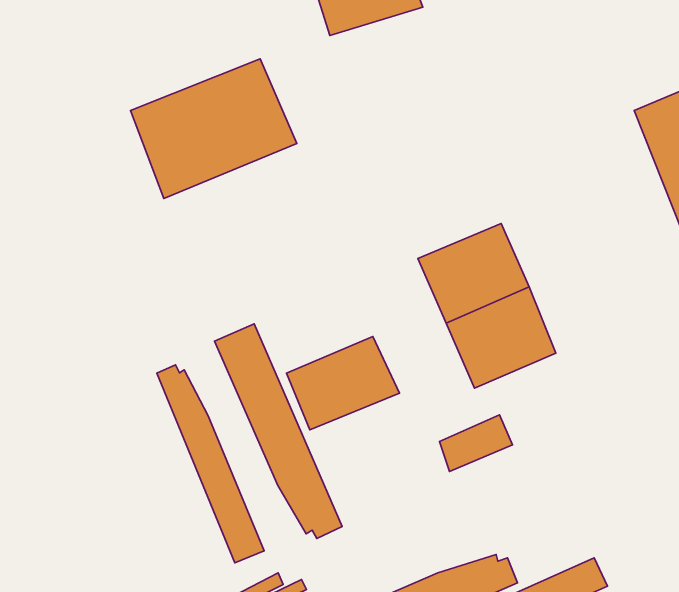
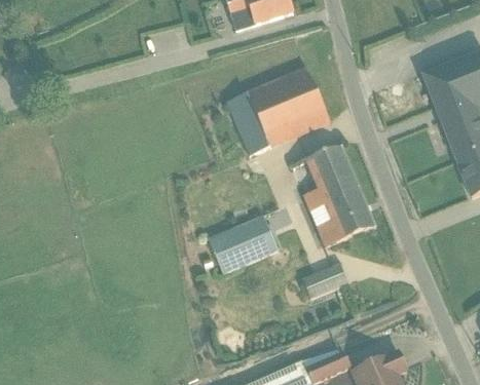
building: [130,59,297,199] -> [226,69,329,155]
building: [215,324,342,538] -> none
building: [157,365,264,563] -> none

